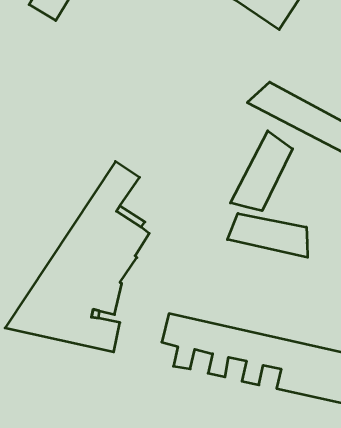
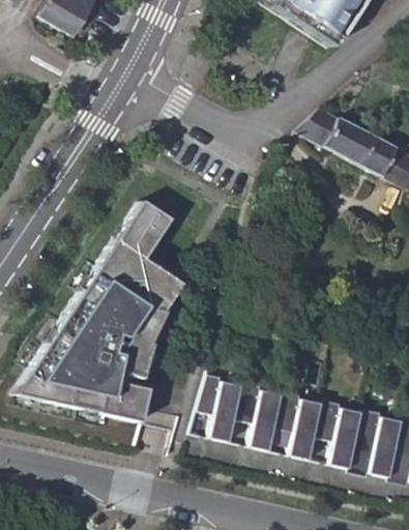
building: [230,131,293,211] -> none
building: [227,213,308,257] -> none

